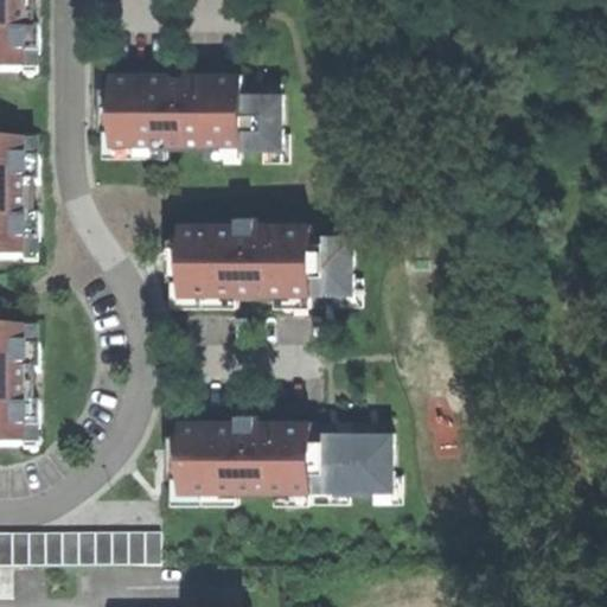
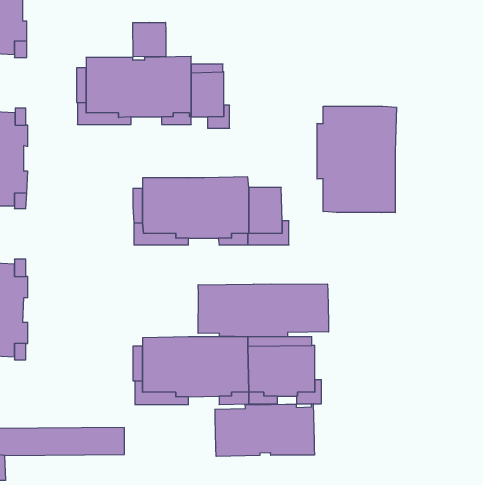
building: none -> [133,22,166,57]
building: none -> [317,106,396,213]
building: none -> [198,284,329,337]
building: none -> [215,404,314,456]

